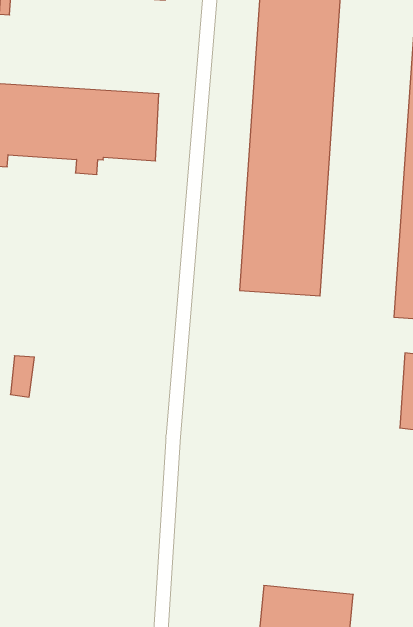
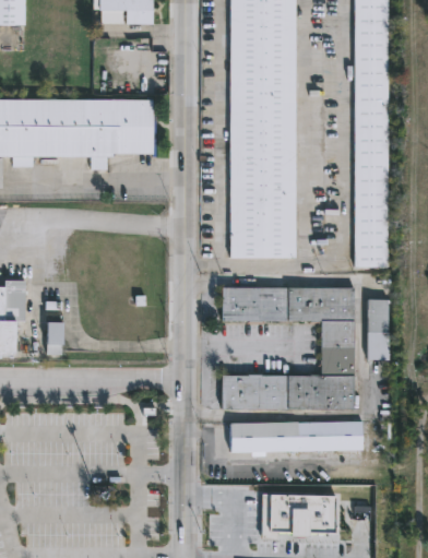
building: none -> [221,286,354,408]
building: none -> [228,420,362,449]

